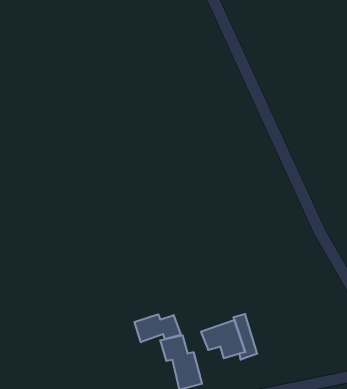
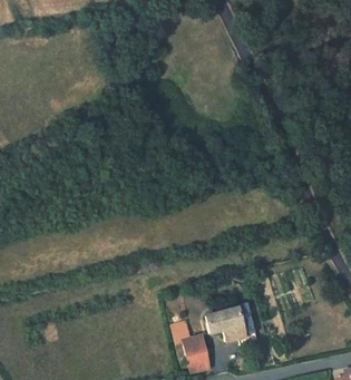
building: [134,314,181,342] -> none

